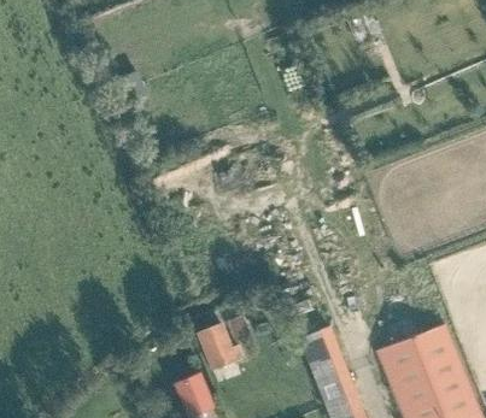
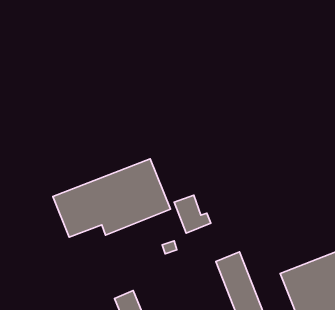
building: none -> [53,159,171,237]
building: [203,322,247,367] -> [174,195,211,233]

